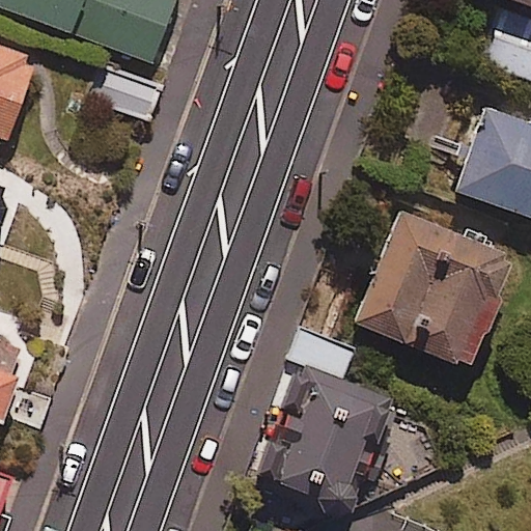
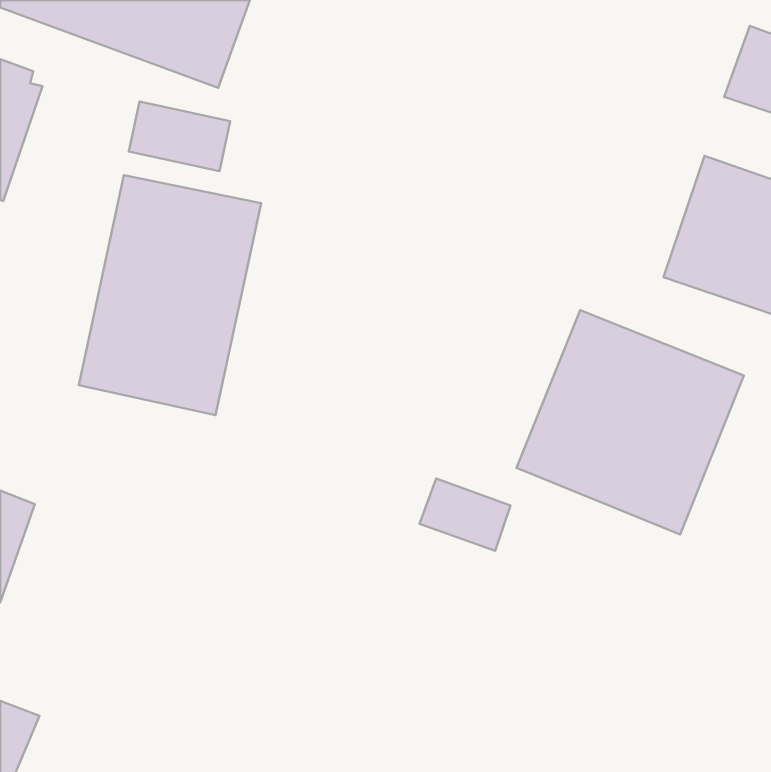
building: none -> [79,175,261,415]
building: [252,367,388,515] -> none

